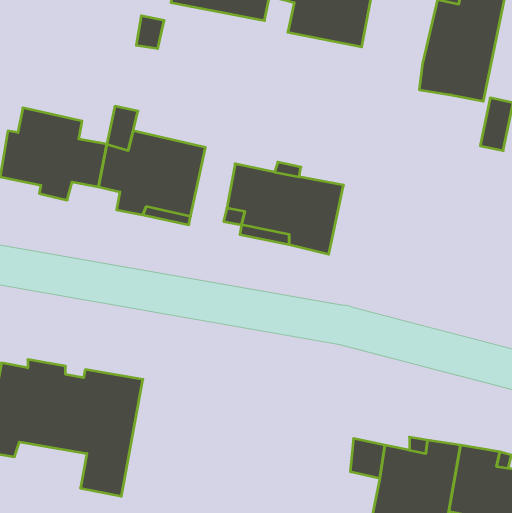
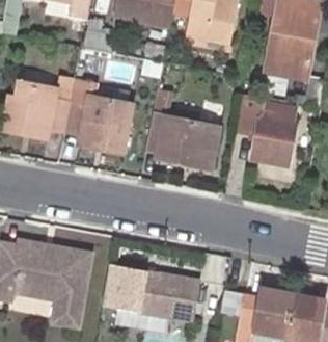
building: none -> [242,93,297,162]
building: none -> [115,265,198,320]

